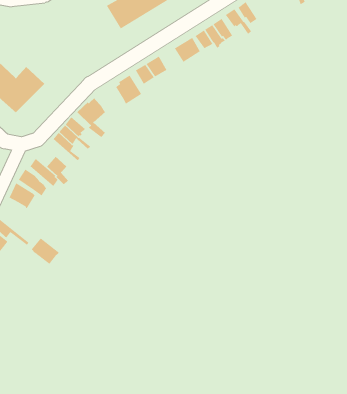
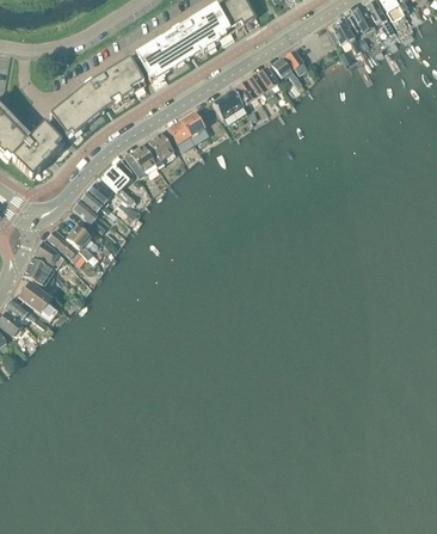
building: none -> [50,55,147,136]
building: none -> [127,142,158,177]
building: [31,237,60,265] -> [19,278,53,311]

